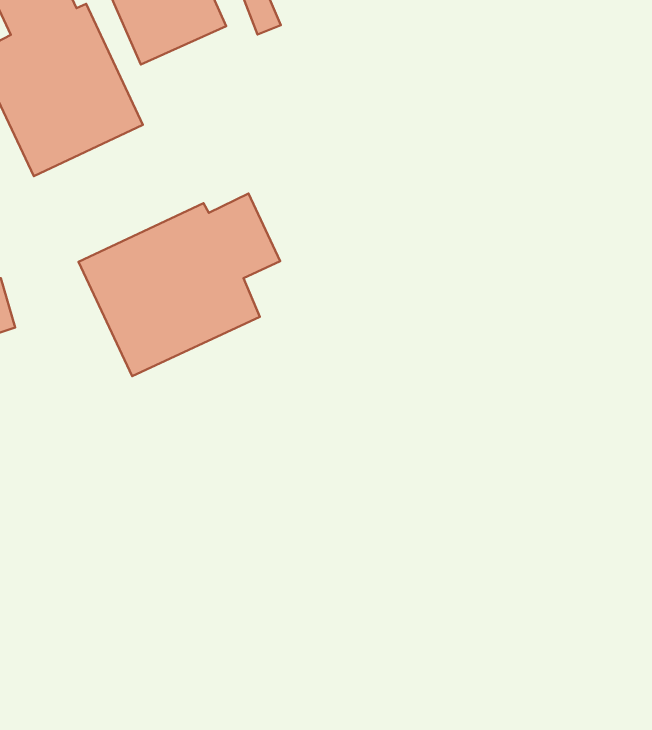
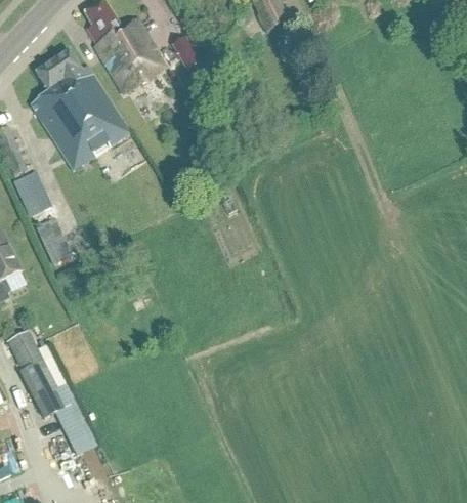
building: [79,194,280,376] -> none

